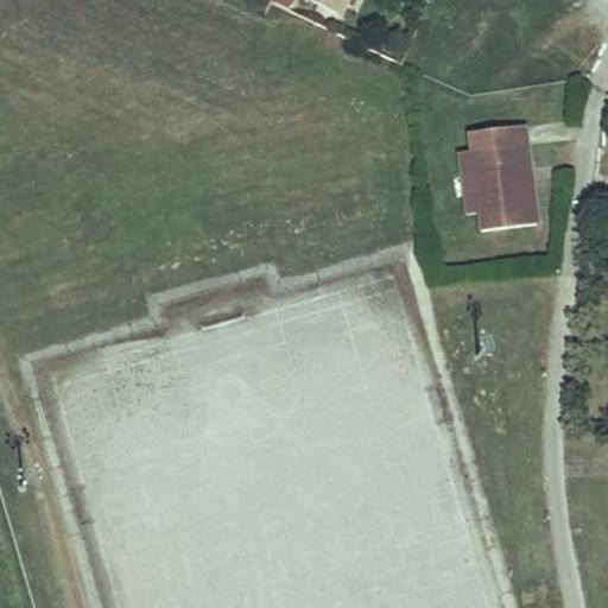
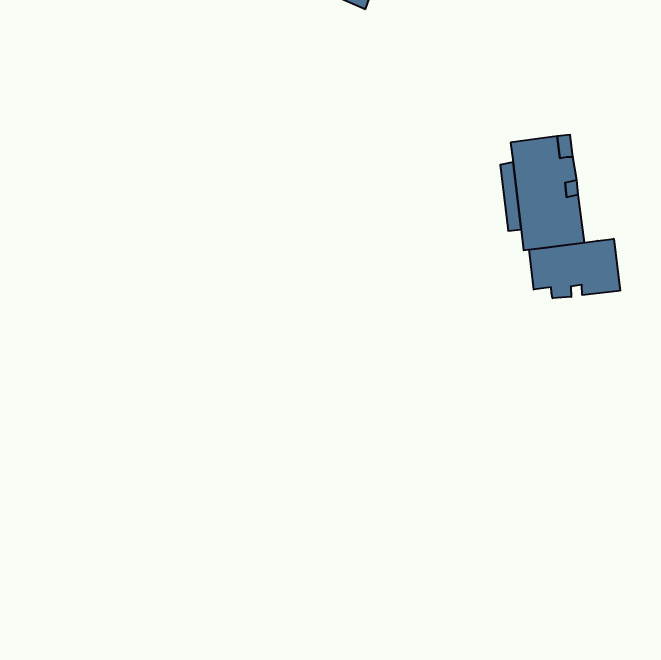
building: none -> [529,239,620,298]

